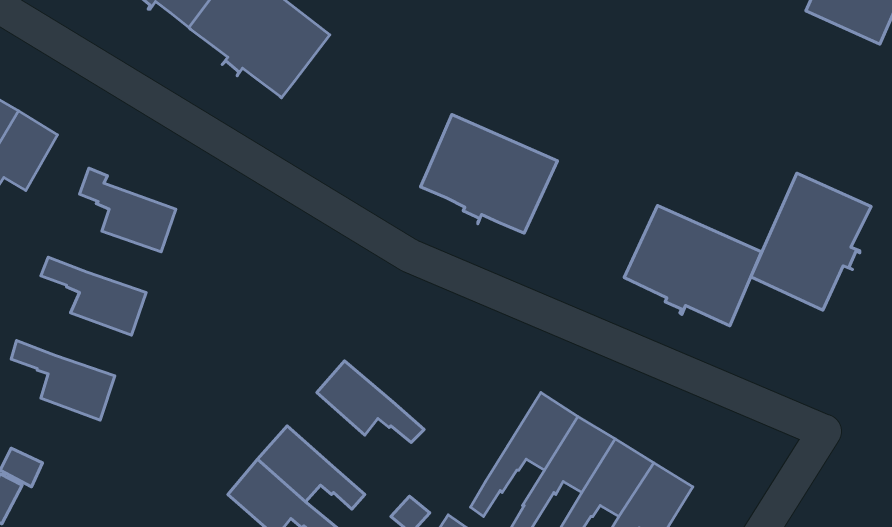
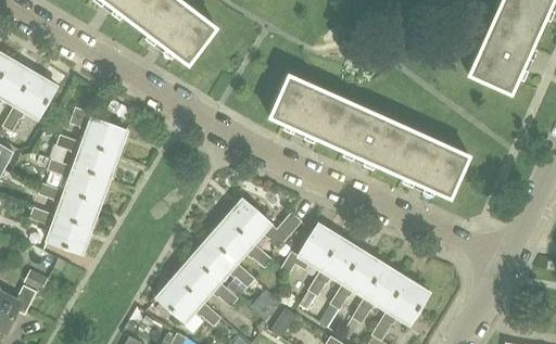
building: none -> [330,102,408,170]
building: [751,173,871,310] -> [468,14,539,94]
building: none -> [55,135,117,179]
building: none -> [38,182,100,228]
building: none -> [225,200,301,246]
building: none -> [280,225,340,273]
building: none -> [191,238,254,286]

